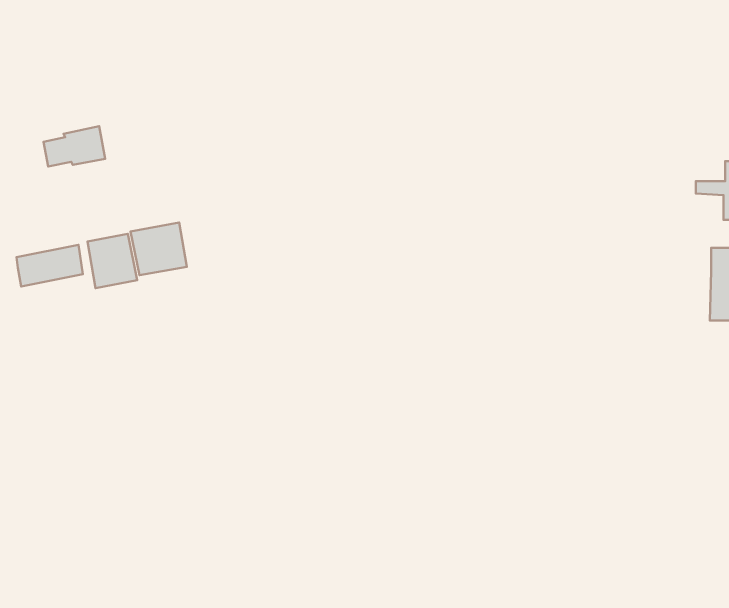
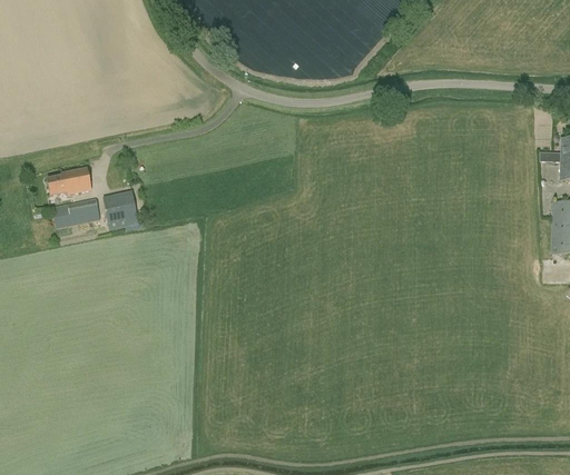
building: [43,126,105,166] -> [47,167,91,196]
building: [131,223,187,275] -> none

